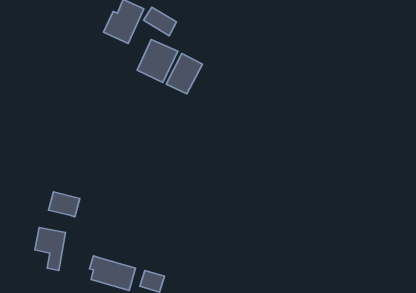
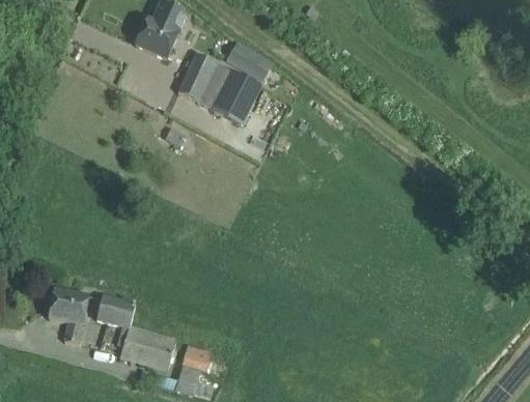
building: [144,7,177,36] -> [230,46,272,82]
building: [48,192,80,217] -> [96,295,136,326]

